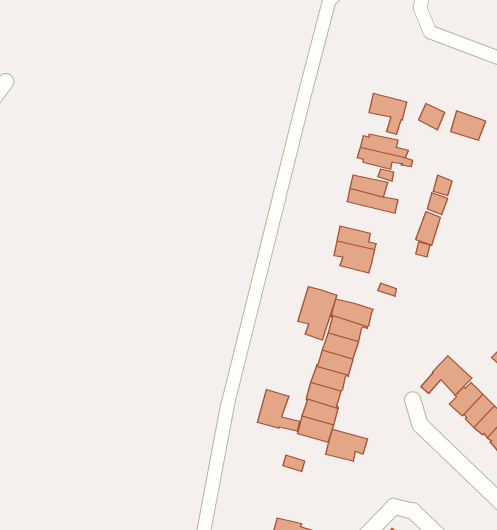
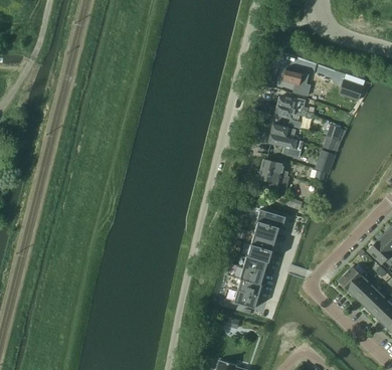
building: [298,287,337,340] -> none
building: [421,356,472,395] -> none
building: [257,389,299,431] -> none
building: [326,429,368,461] -> none

